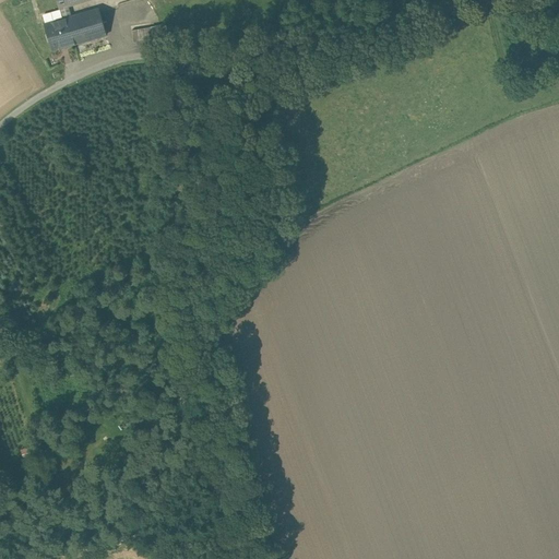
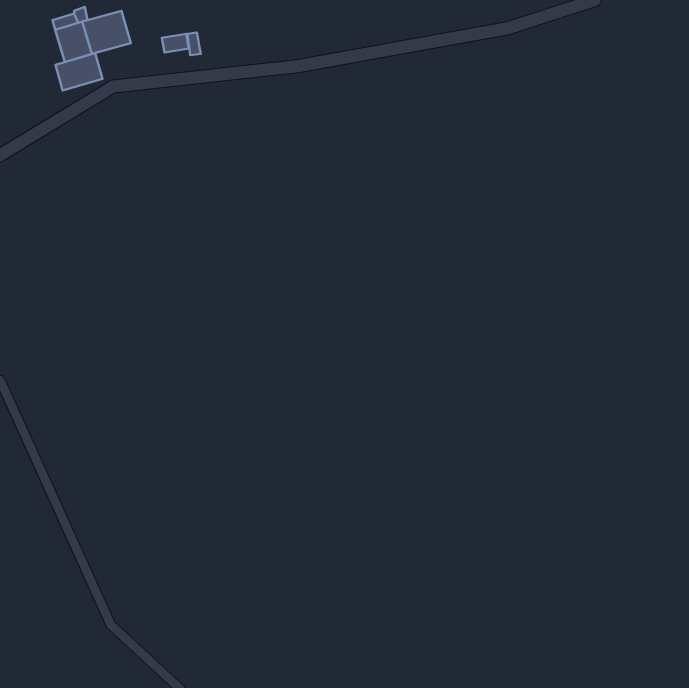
building: none -> [55,53,102,90]

